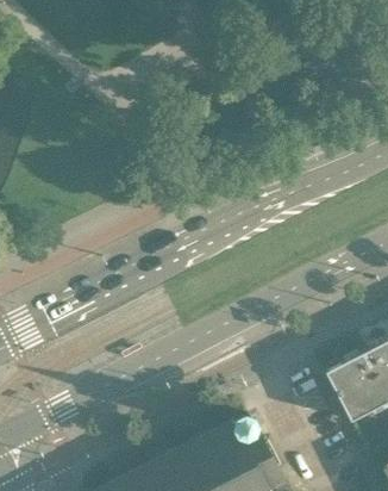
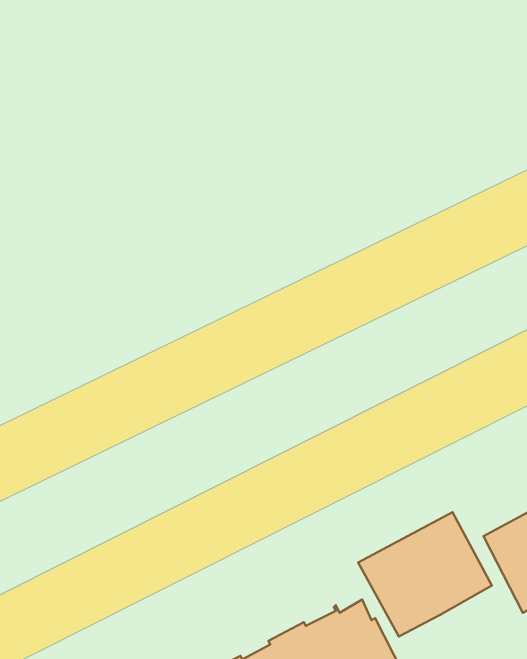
building: none -> [358,512,492,637]

